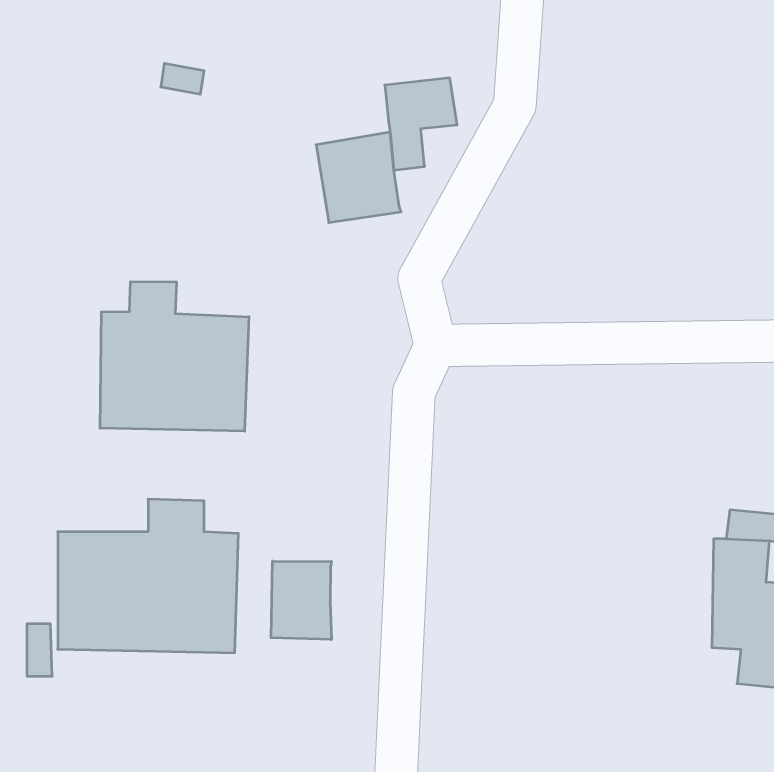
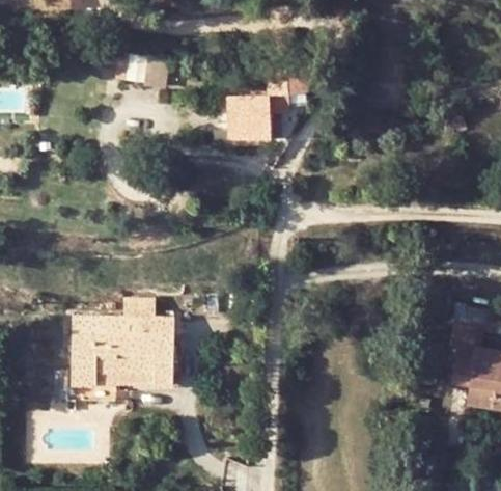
building: [100,282,249,431] -> none
building: [271,561,331,640] -> none

